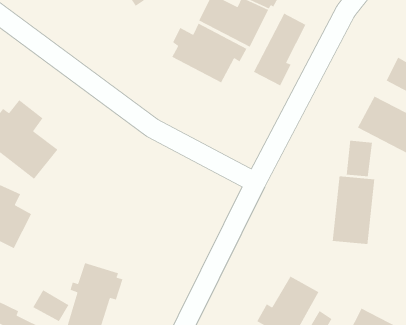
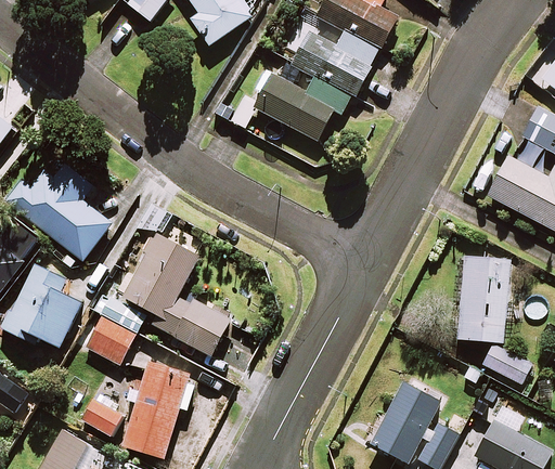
building: [253,13,306,86] -> none
building: [346,140,373,177] -> none
building: none -> [124,234,231,356]
building: none -> [86,317,135,365]
building: none -> [481,344,530,383]

